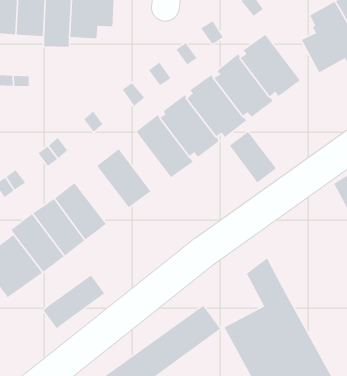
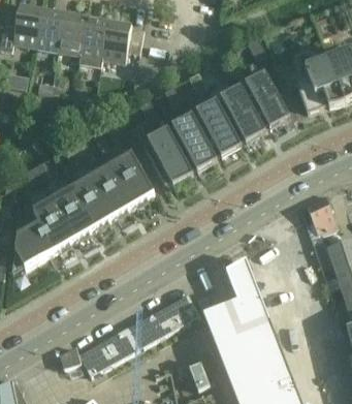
building: [229,131,277,183] -> none
building: none -> [91,165,133,215]
building: [42,274,105,329] -> none

